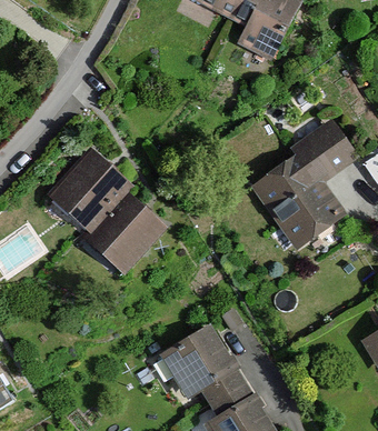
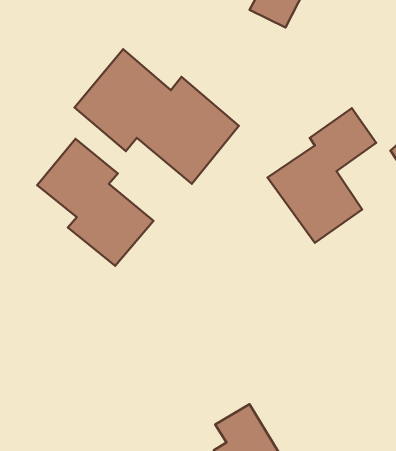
building: none -> [75,49,239,184]
building: [168,327,241,400] -> none

